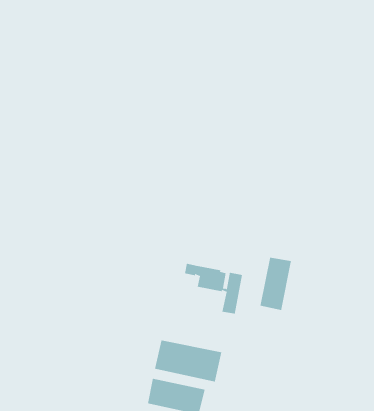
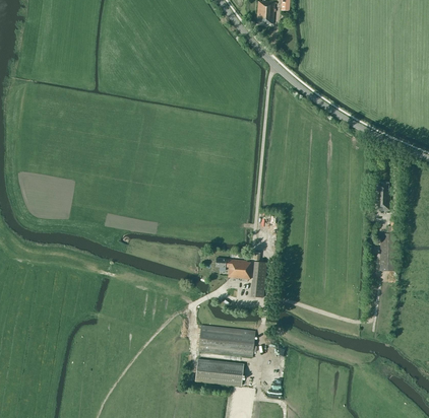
building: [260,257,292,311] -> none

